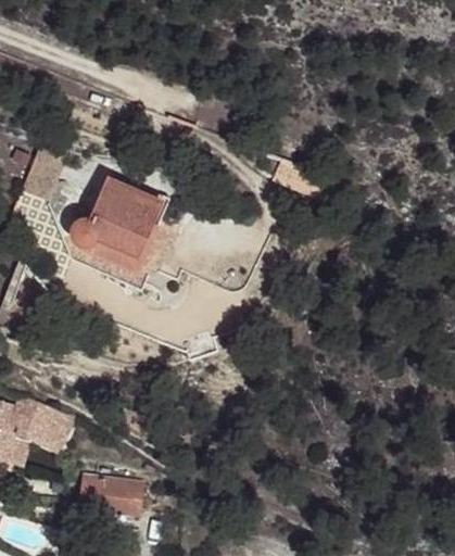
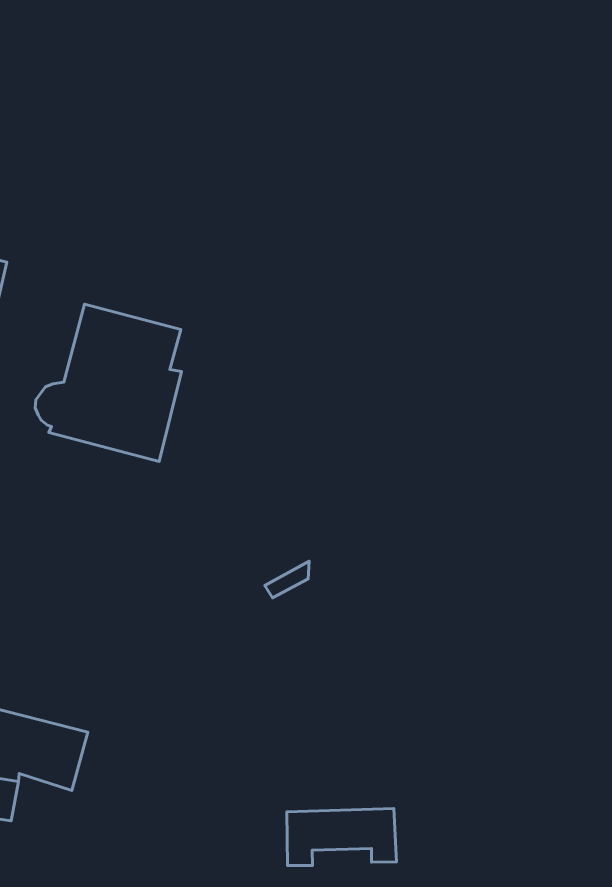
building: [78,475,143,513] -> [287,809,397,865]

